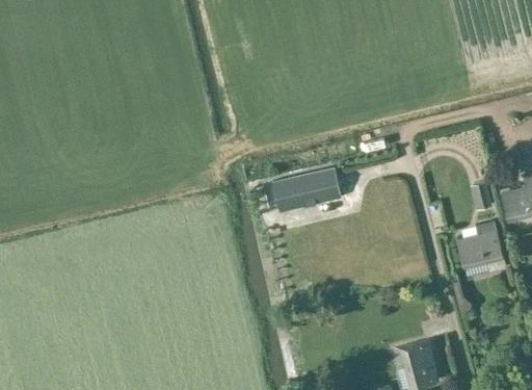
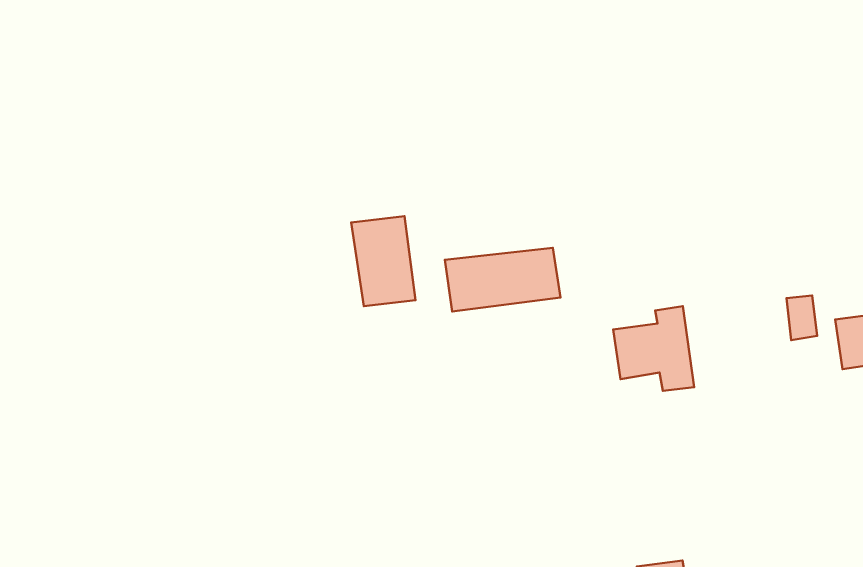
building: none -> [351,216,415,306]
building: [455,222,505,271] -> [613,306,694,391]

